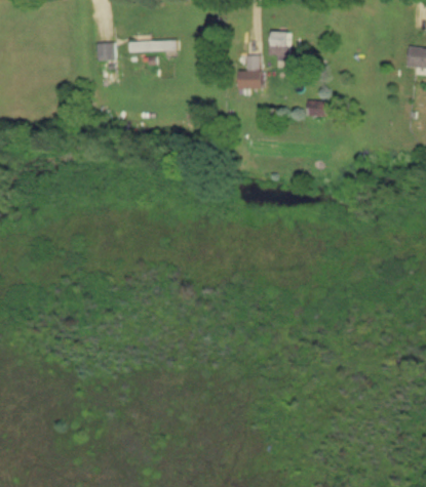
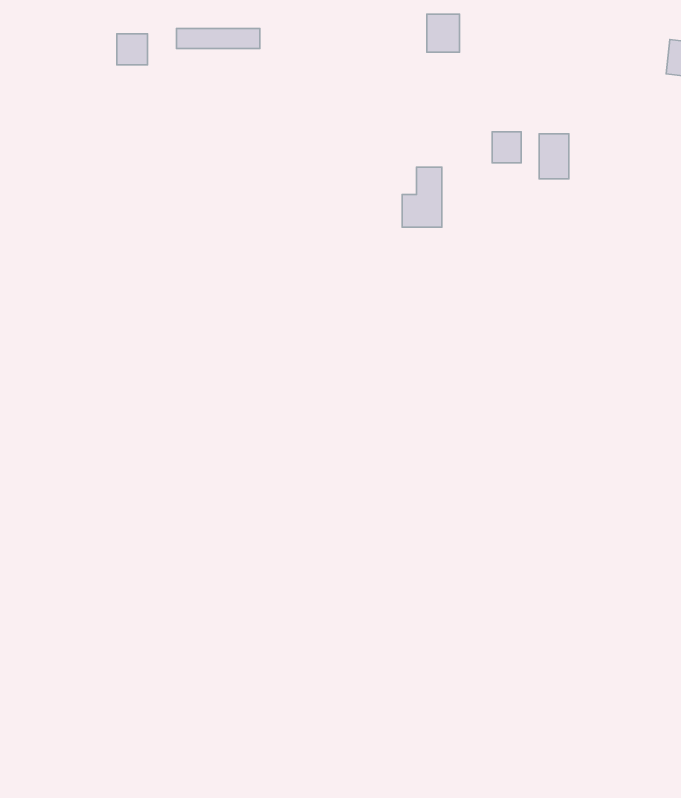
building: [239,55,262,89] -> [402,167,442,227]
building: none -> [539,134,569,179]

